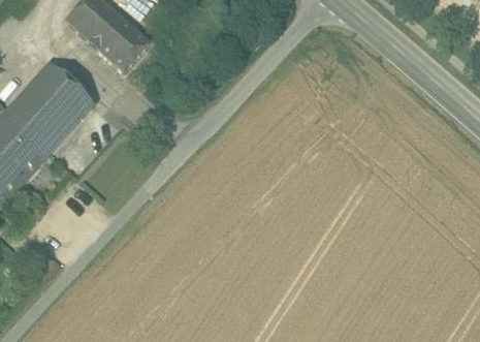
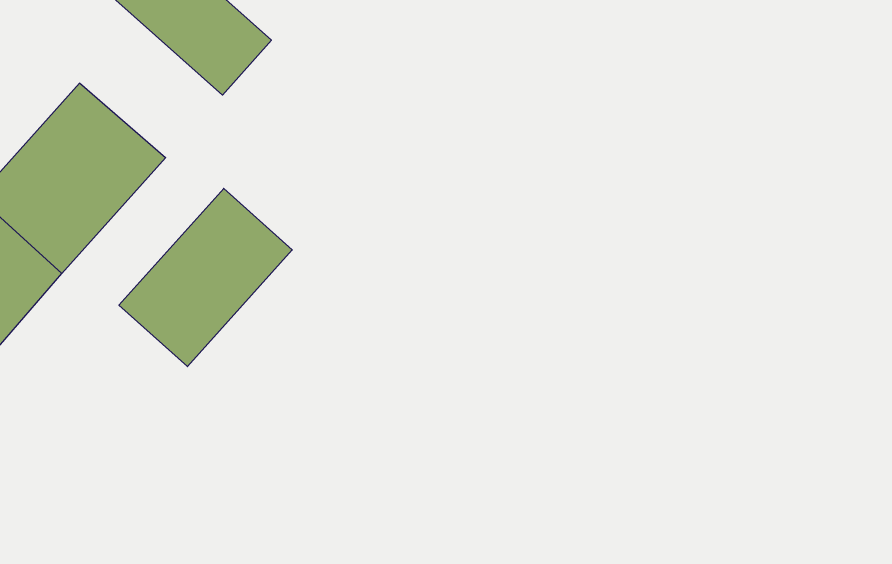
building: none -> [119,188,292,367]

